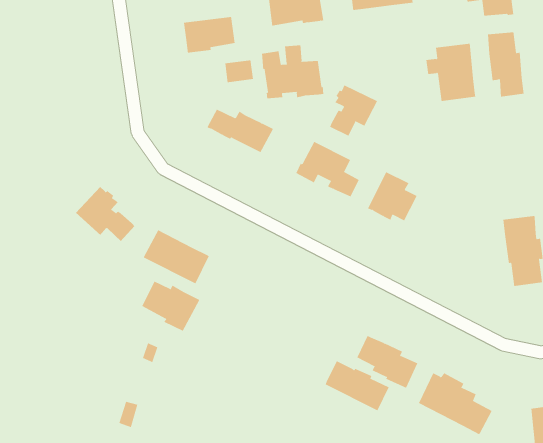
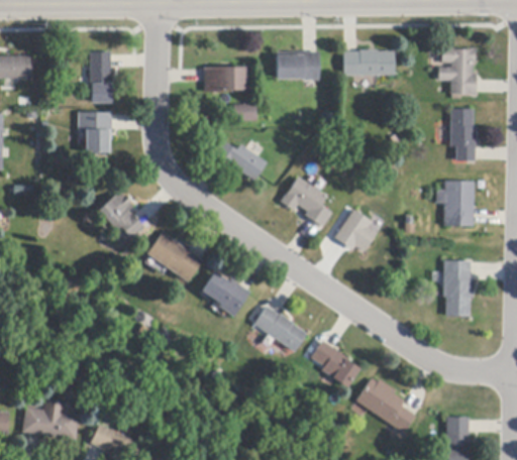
building: none -> [91,51,112,103]
building: [425,43,476,101] -> [436,181,475,225]
building: [262,45,324,99] -> none
building: [330,84,378,137] -> none
building: none -> [79,112,113,152]
building: [141,281,200,332] -> [202,271,250,316]
building: [325,361,390,411] -> [254,306,307,351]

